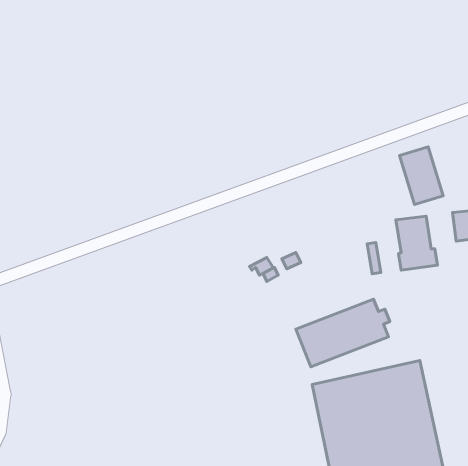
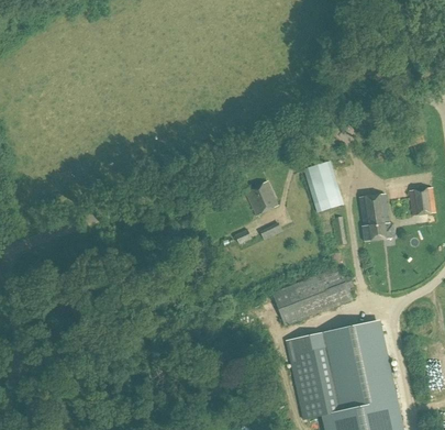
building: [399,147,443,205] -> [303,162,342,212]
building: none -> [245,181,278,216]

